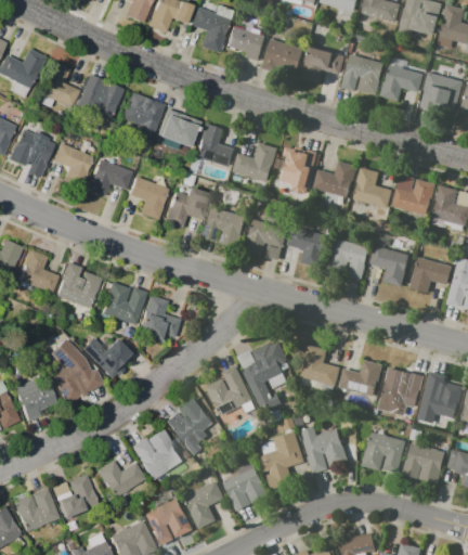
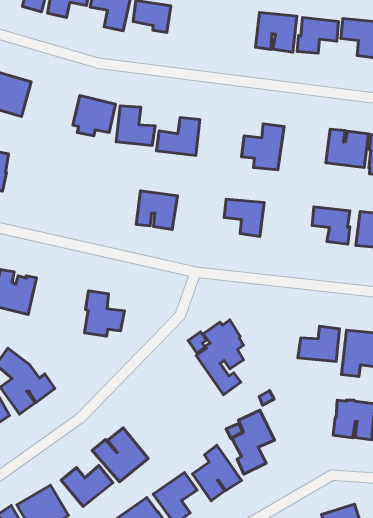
building: [261,38,302,78] -> none
building: [301,47,343,83] -> none
building: [120,91,165,137] -> none
building: [273,150,313,191] -> none
building: [86,159,131,195] -> none
building: [352,167,391,208] -> none
building: [129,177,167,220] -> none
building: [164,188,210,228] -> none
building: [243,219,287,260] -> none
building: [326,238,368,278] -> none
building: [102,282,146,324] -> none
building: [81,337,135,377] -> none
building: [298,344,339,389] -> none
building: [205,365,252,415] -> none
building: [165,399,212,454] -> none
building: [300,426,348,474] -> none

